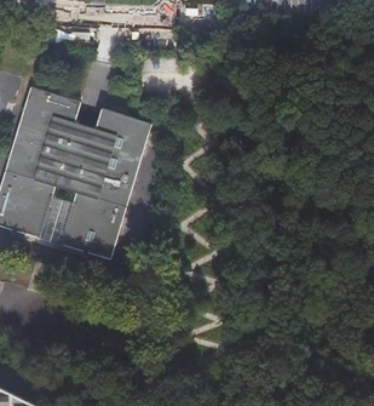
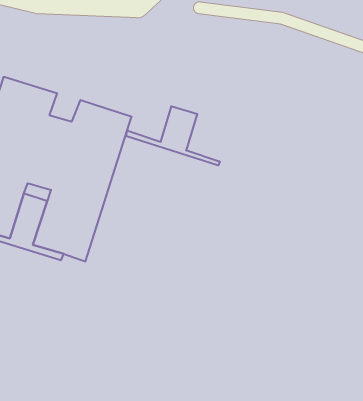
building: none -> [126,106,220,165]

